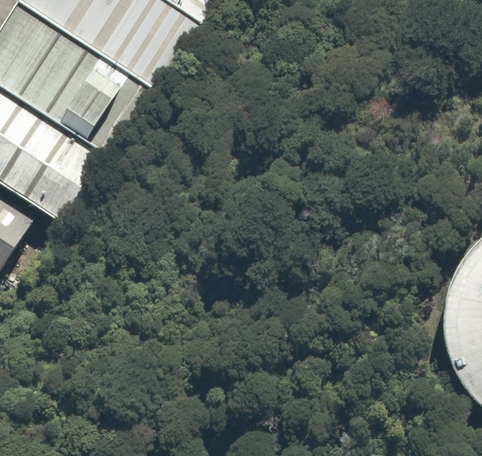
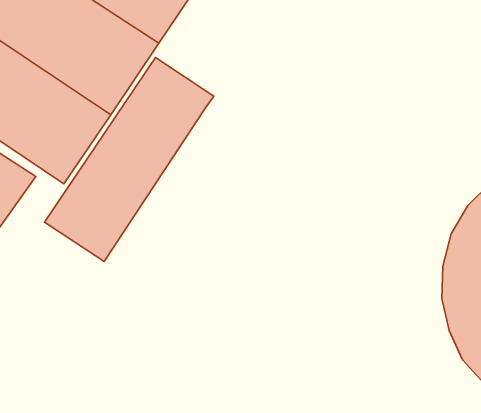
building: none -> [45,57,214,261]

